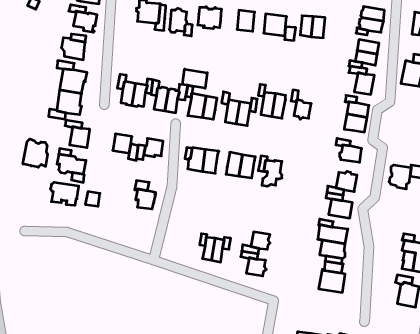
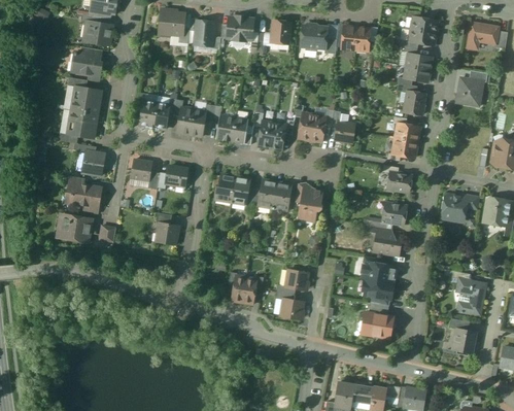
building: [182,69,207,88] -> none
building: [23,139,47,167] -> none

